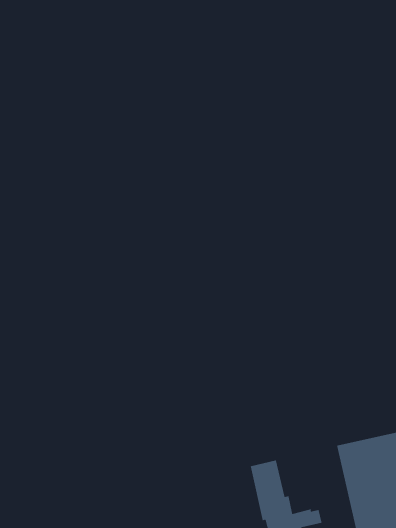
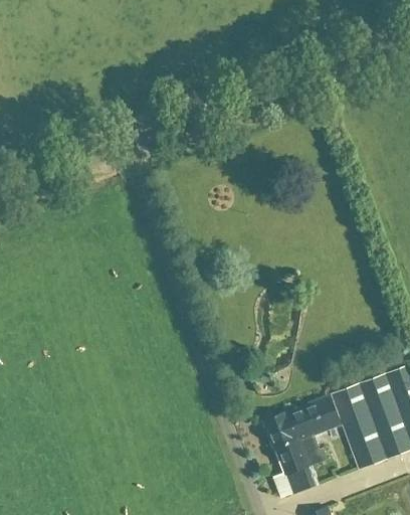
building: none -> [283,395,340,454]

